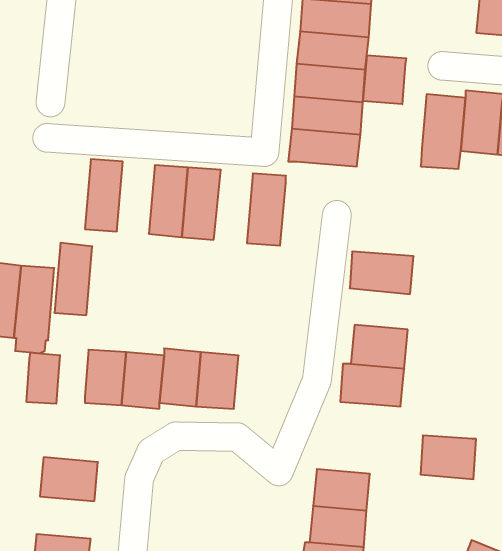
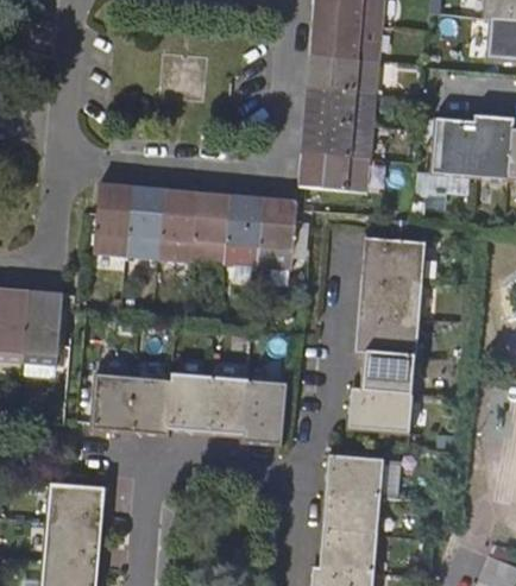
building: [363,55,406,104] -> none
building: none -> [222,194,262,267]
building: none -> [361,237,426,281]
building: [54,243,92,315] -> [125,185,163,258]
building: none -> [355,313,420,354]
building: [27,352,60,404] -> none
building: none -> [243,380,287,443]
building: [420,435,476,479] -> [326,455,382,499]
building: none -> [44,522,102,565]

